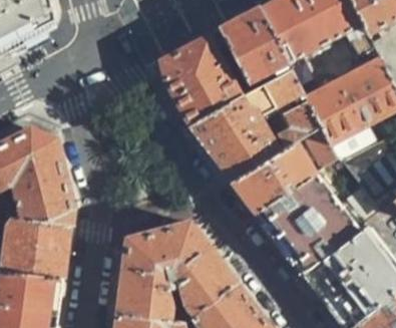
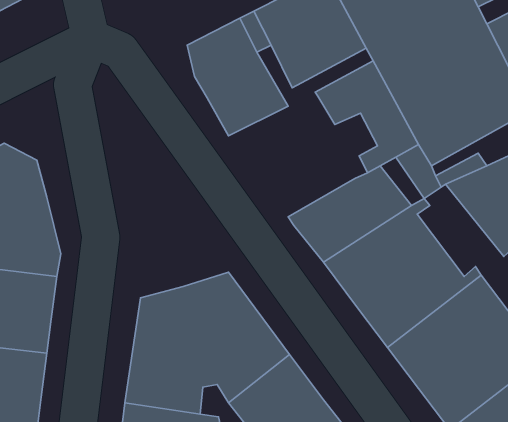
building: [189,93,279,182] -> none

